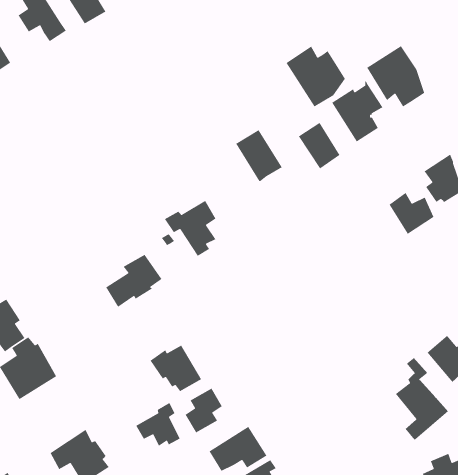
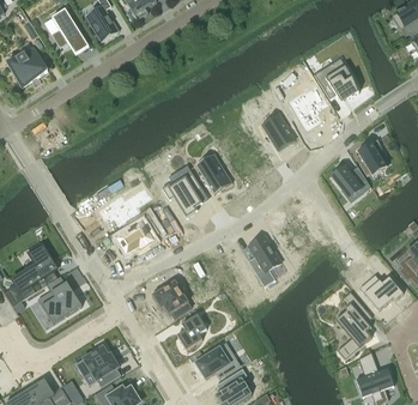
building: [286,45,346,108] -> none
building: [235,129,283,182] -> [196,153,232,193]
building: none -> [248,235,281,286]
building: [135,402,181,447] -> none

